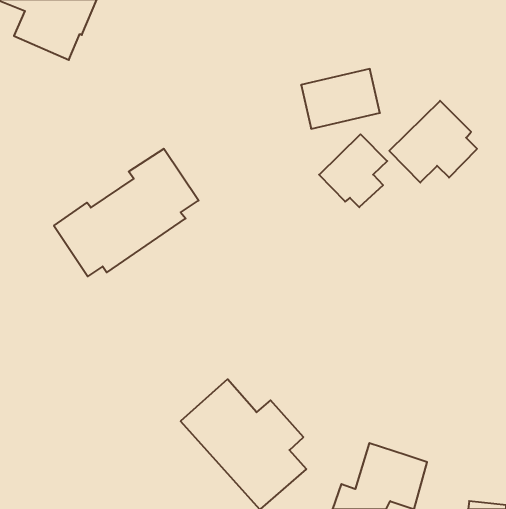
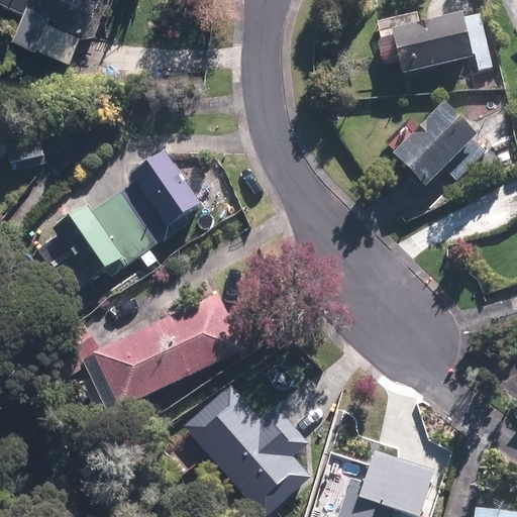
building: [301,69,380,129] -> [393,12,473,73]
building: [319,134,387,207] -> none
building: none -> [42,293,242,412]

